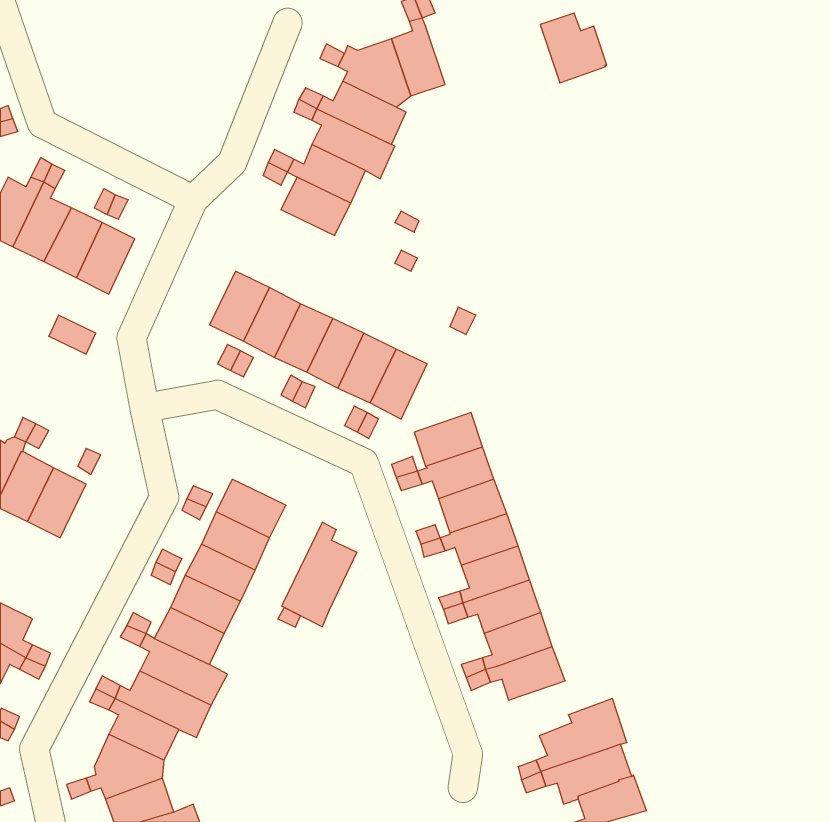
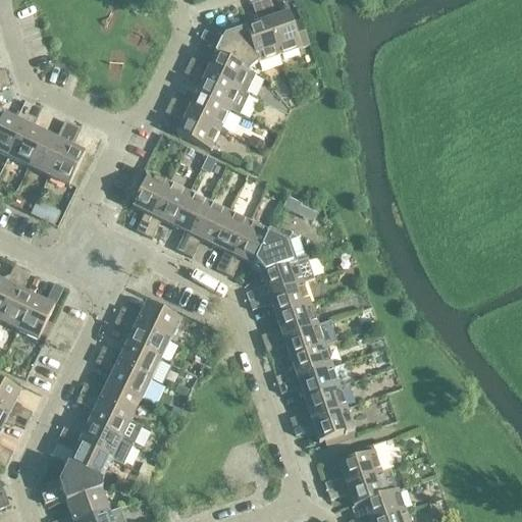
building: [540,13,607,83] -> [267,9,309,53]
building: none -> [252,228,305,271]
building: [282,522,357,627] -> none

